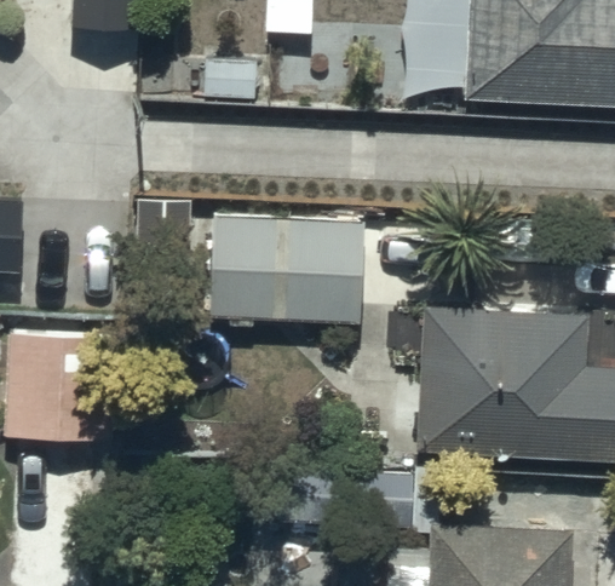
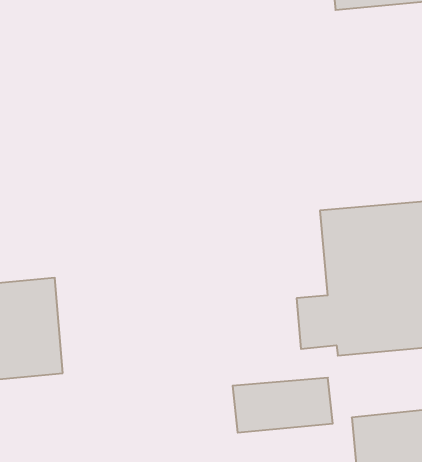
building: [214,222,368,318] -> none

